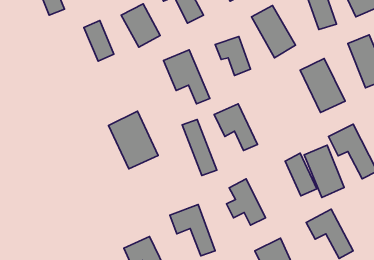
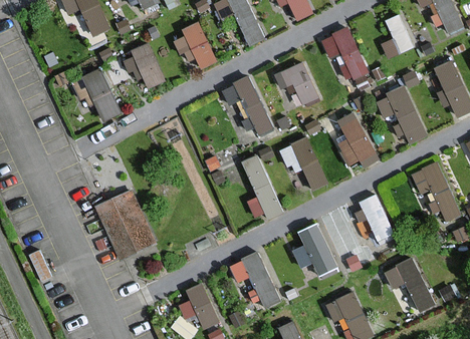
building: none -> [78,68,124,121]
building: [108,111,158,169] -> [96,197,153,262]
building: [304,145,344,197] -> [331,109,377,168]

